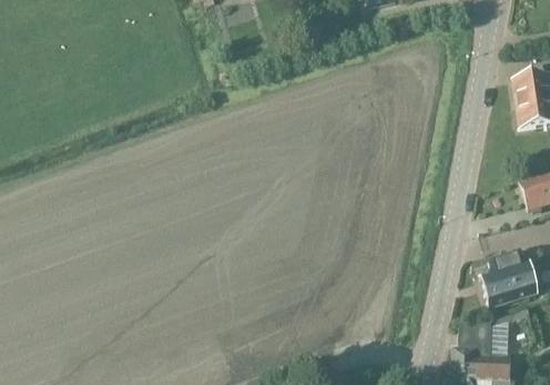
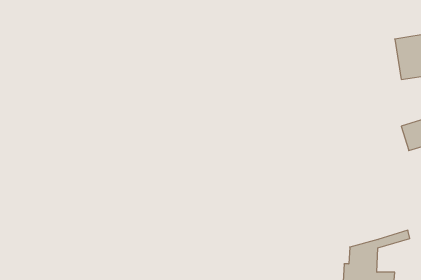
building: [482,250,540,307] -> none

